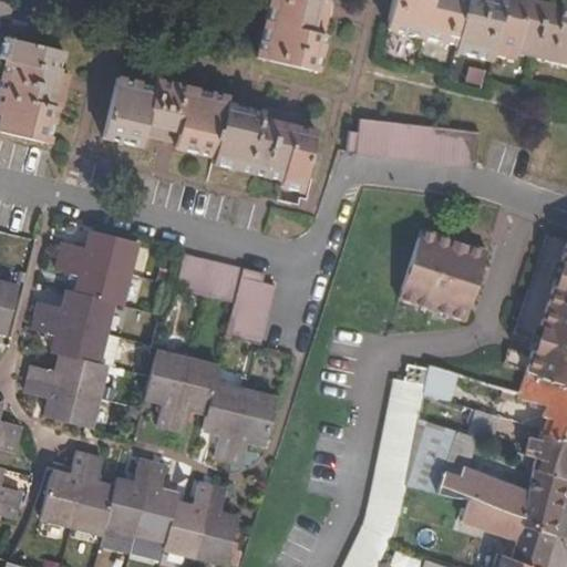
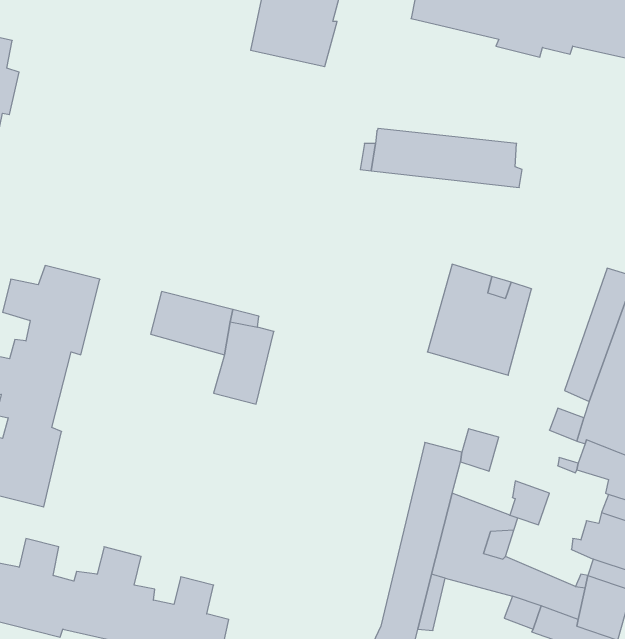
building: [103,78,319,193] -> none
building: [145,351,276,461] -> none

